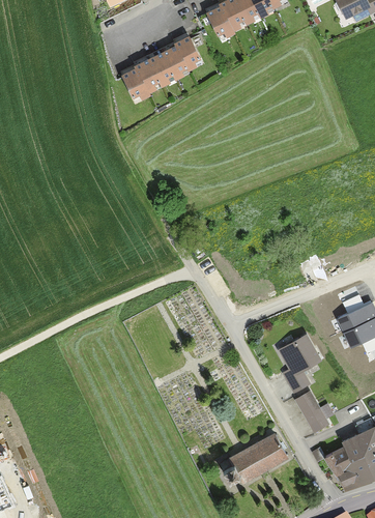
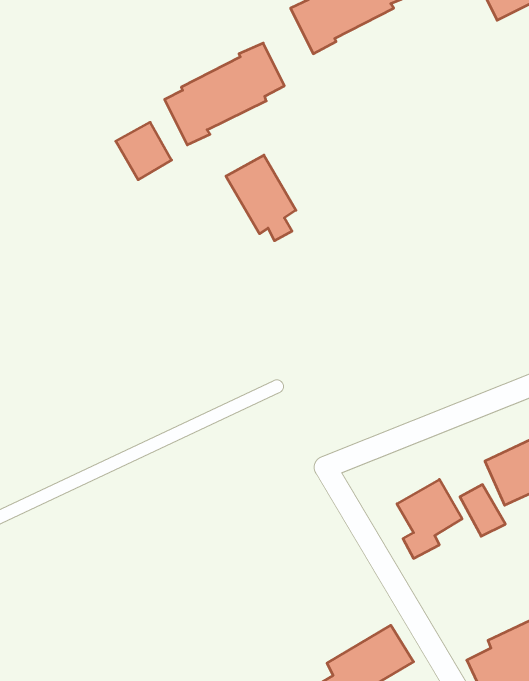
building: none -> [116,122,172,180]
building: none -> [226,155,296,241]
building: [295,390,326,425] -> [460,485,505,536]

